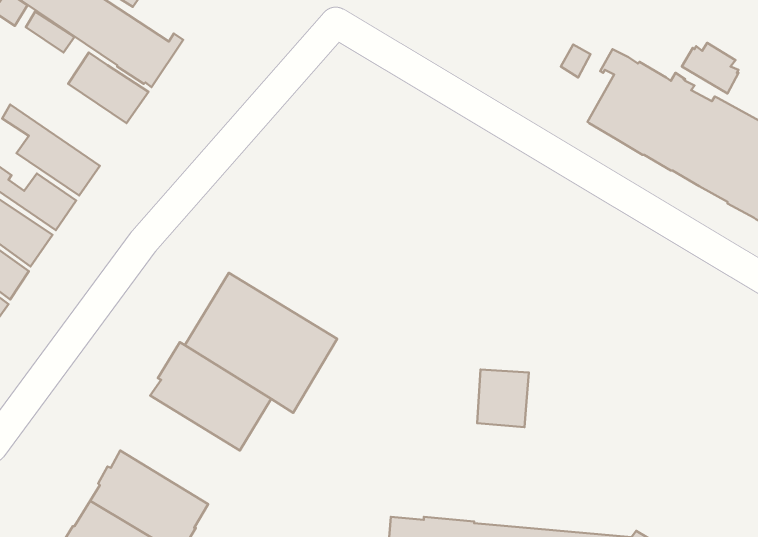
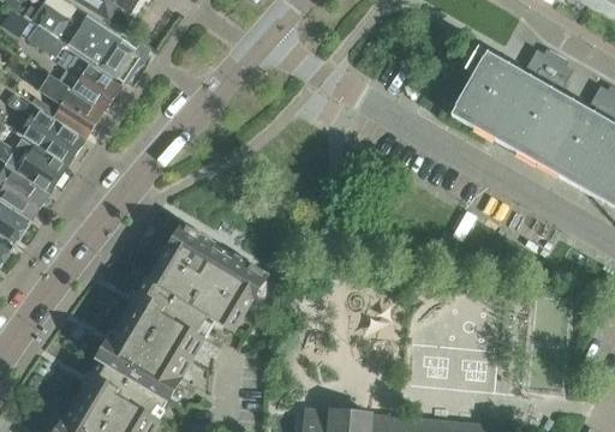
building: none -> [34,78,102,139]
building: [477,369,529,427] -> none
building: none -> [95,318,190,401]

